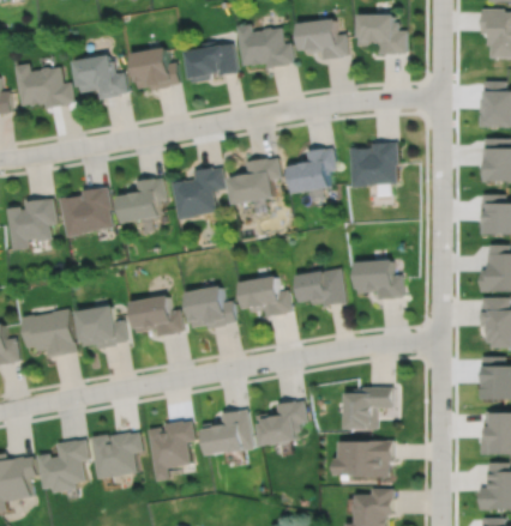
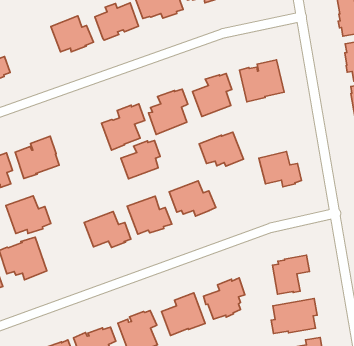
building: [74,55,127,102] -> none
building: [119,180,167,222] -> [121,140,160,179]
building: [297,267,348,307] -> [199,132,244,166]
building: [77,303,127,347] -> [6,196,51,234]

